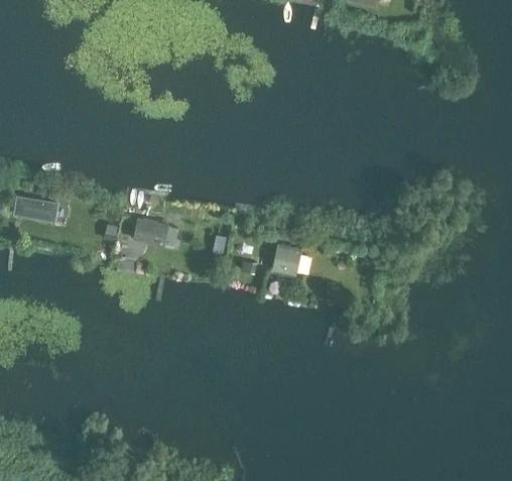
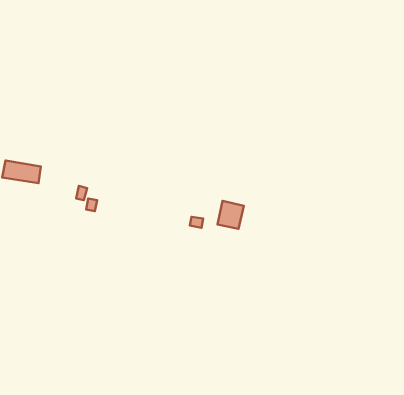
building: [133,218,171,245] -> none

